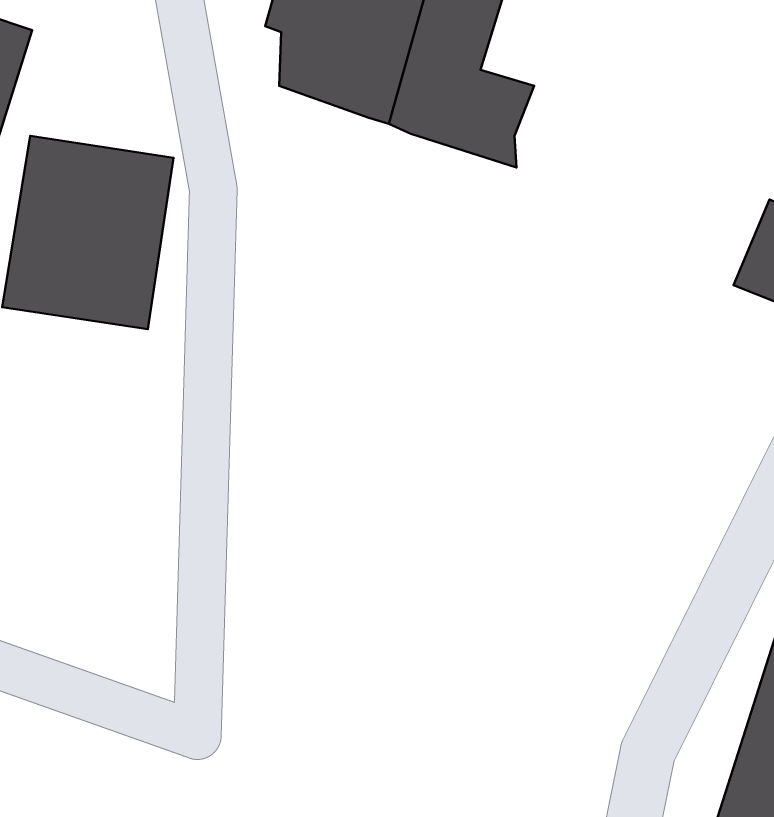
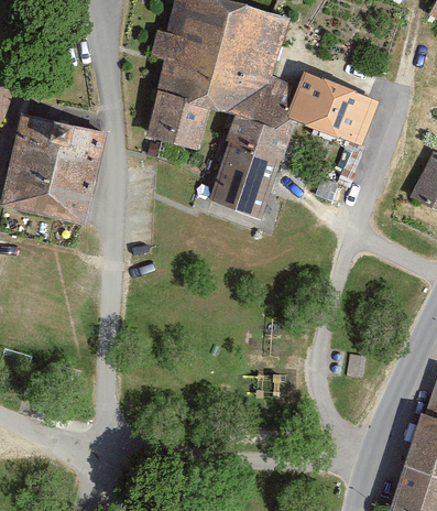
building: none -> [287,73,379,145]
building: none -> [143,90,207,149]
building: none -> [203,117,288,220]

